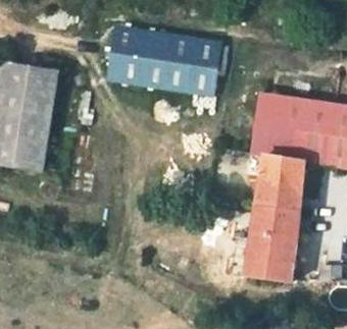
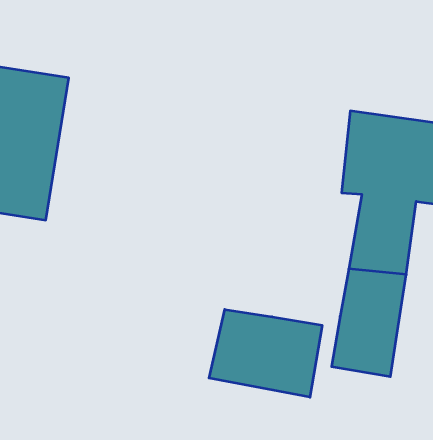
building: [102,26,212,95] -> none
building: none -> [209,309,322,397]

